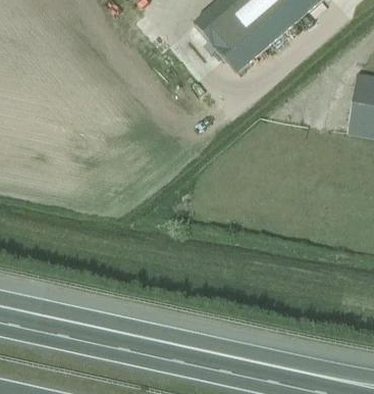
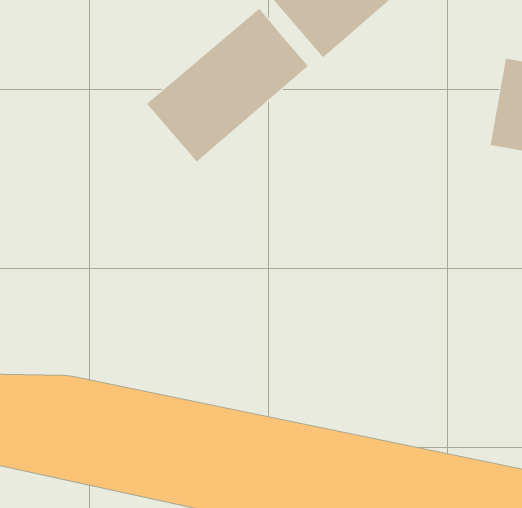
building: none -> [146,8,309,162]

